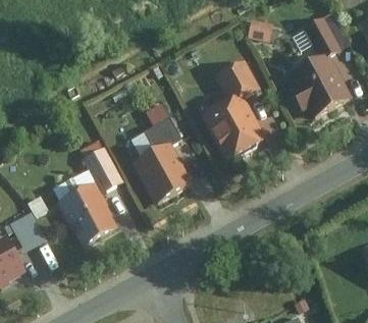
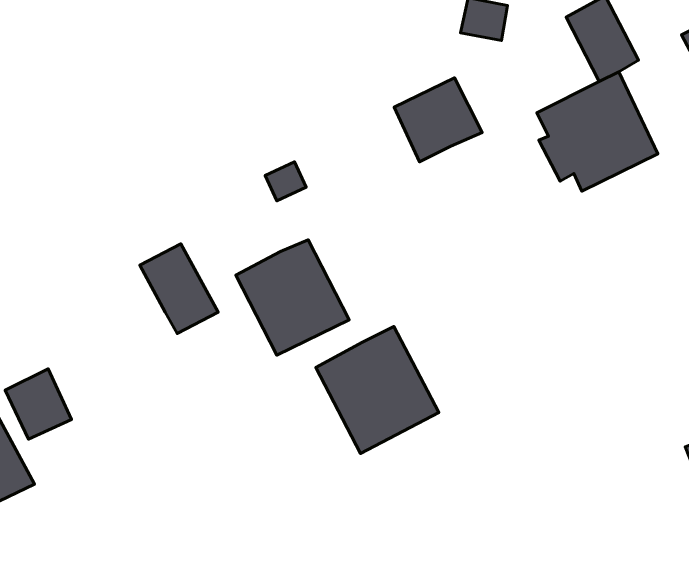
building: [201,92,265,158] -> [316,326,439,453]
building: [144,115,177,147] -> none
building: [57,178,116,240] -> none

